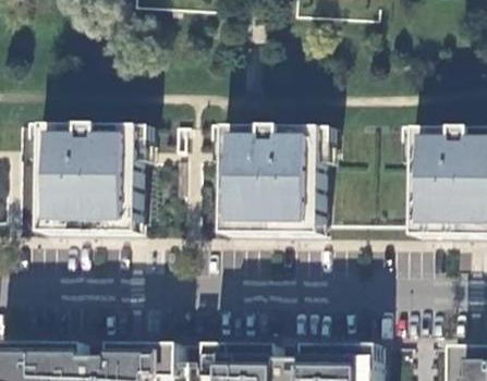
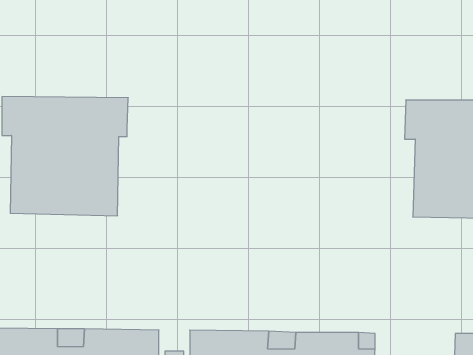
building: [211,126,328,236] -> none

